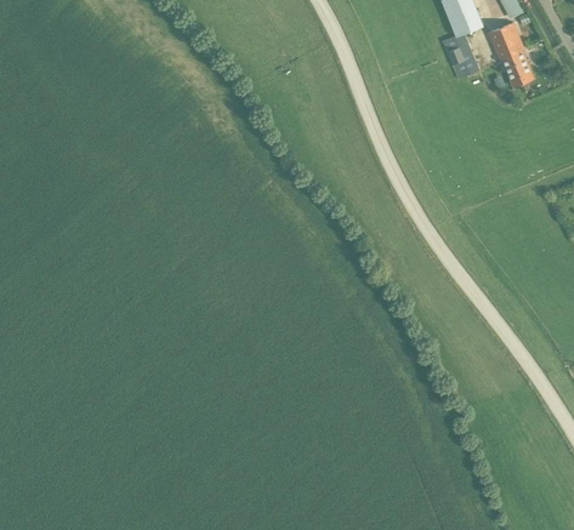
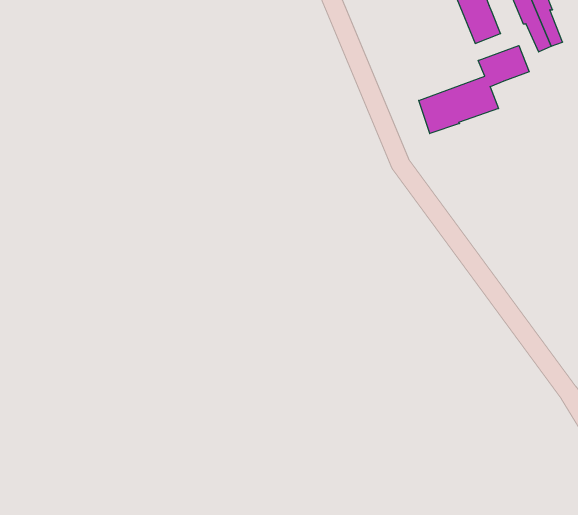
building: none -> [419,46,529,134]

